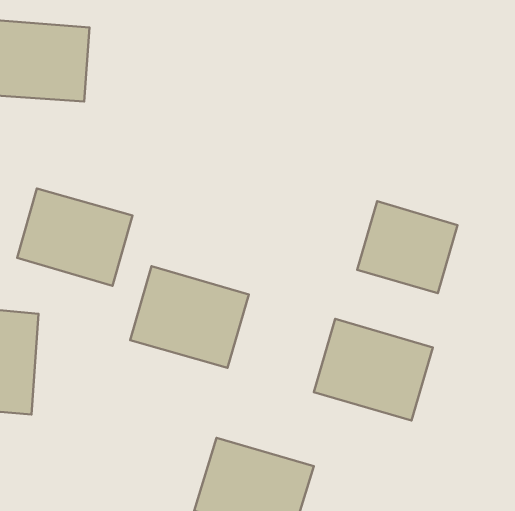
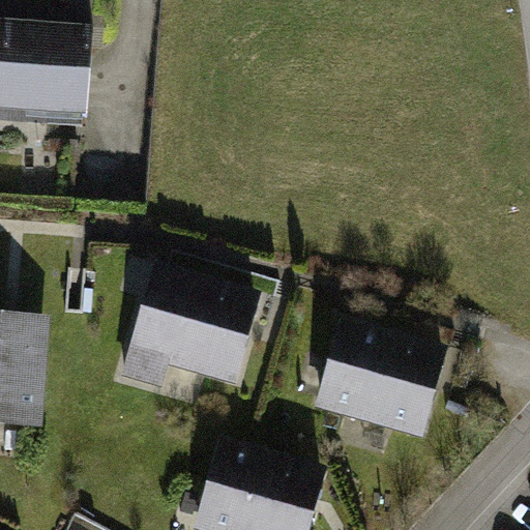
building: [17,188,133,286] -> none
building: [357,201,458,293] -> none

